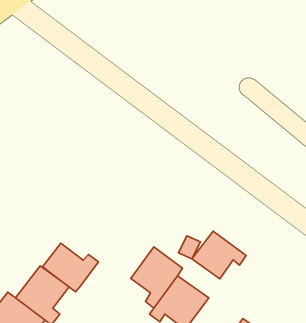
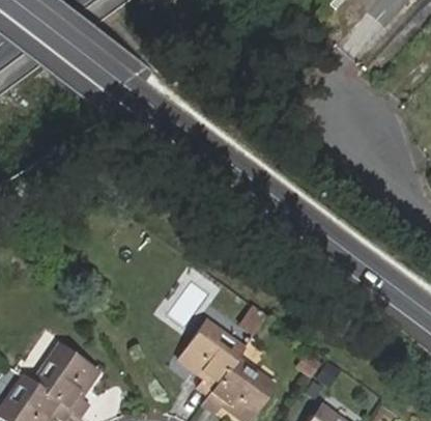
building: [192,231,246,279] -> none
building: [43,243,99,292] -> none

